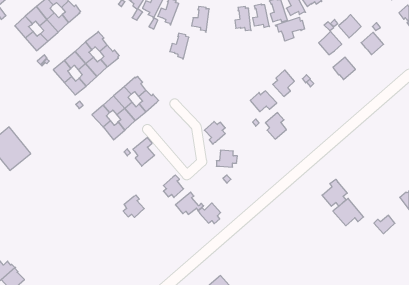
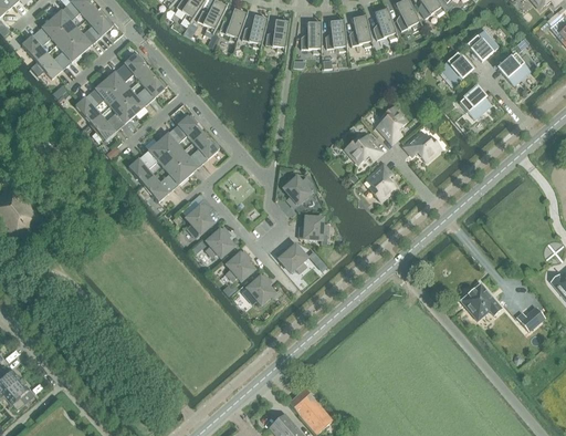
building: none -> [302,20,322,53]
building: [275,17,305,41] -> none
building: [170,33,189,59] -> [242,13,269,49]
building: none -> [405,131,441,160]
building: [322,179,347,206] -> none
building: [123,195,144,217] -> [206,227,234,258]
building: [198,203,221,224] -> [276,243,307,272]

